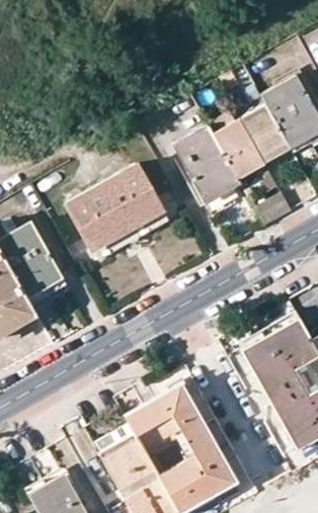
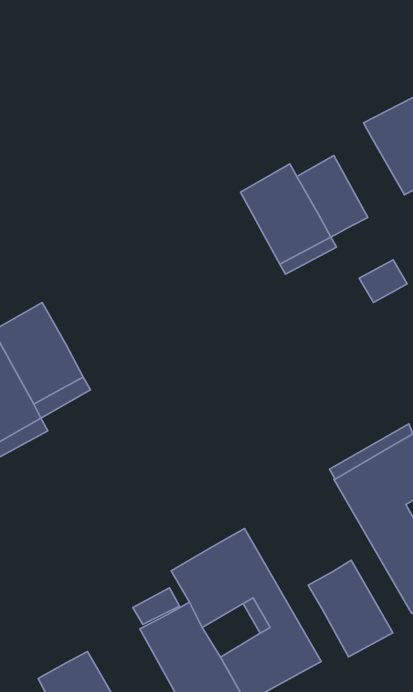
building: [241,103,292,162] -> none
building: [69,165,164,248] -> none
building: none -> [308,560,393,657]

